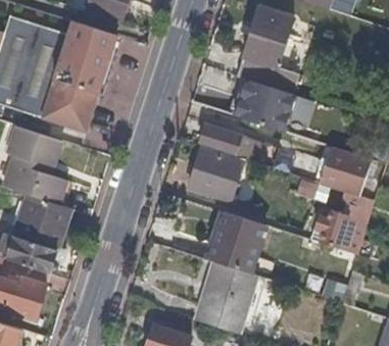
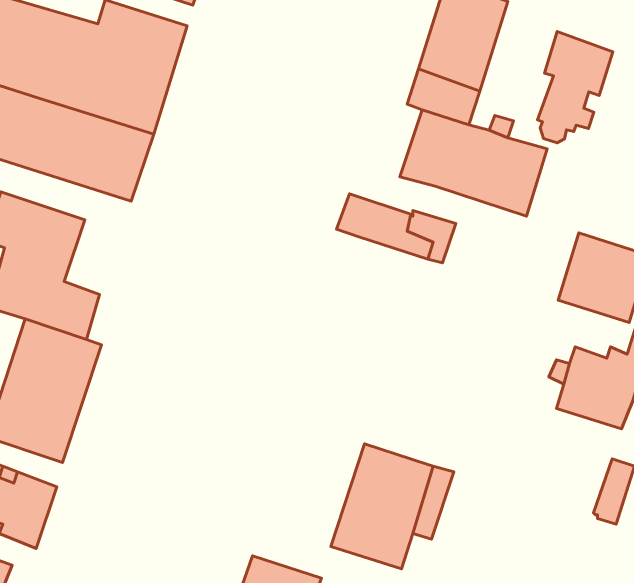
building: none -> [537,31,613,143]
building: [188,149,238,200] -> none
building: [206,211,265,274] -> none

